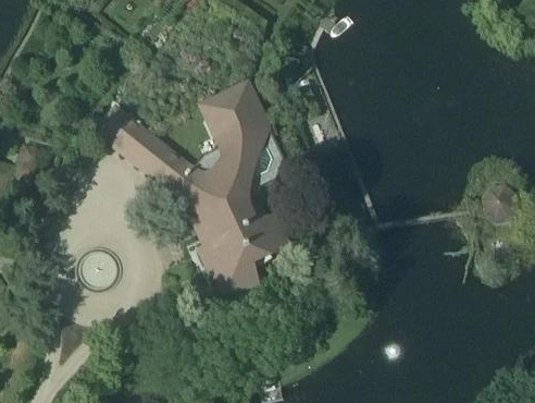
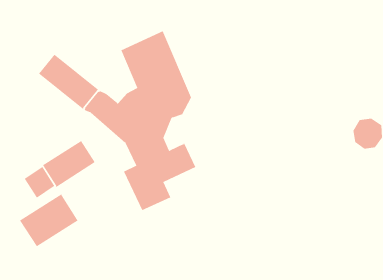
building: none -> [41,140,96,188]
building: none -> [19,193,79,247]

